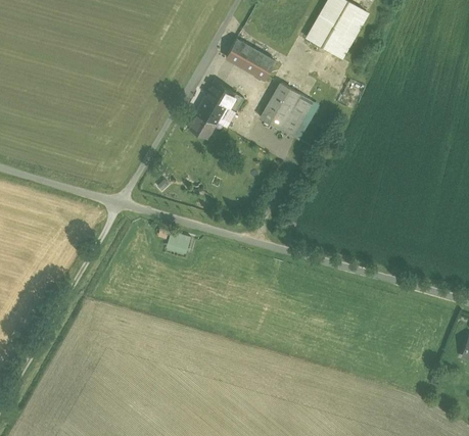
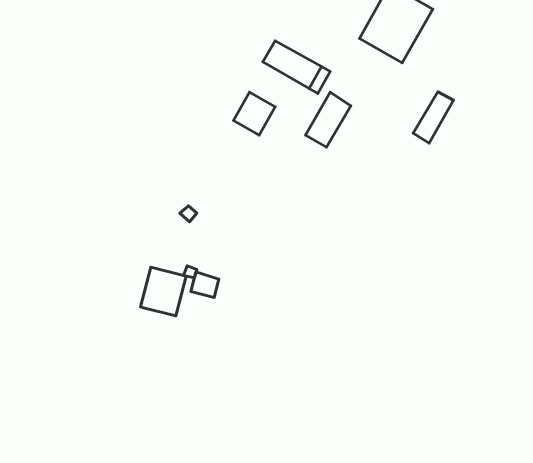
building: [279,94,313,137] -> [413,92,454,143]
building: [189,106,221,139] -> none
building: none -> [140,267,186,316]

